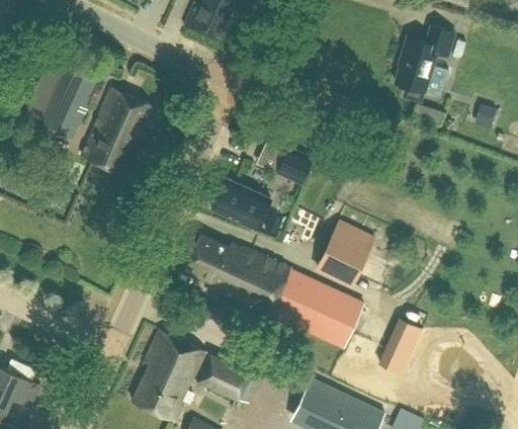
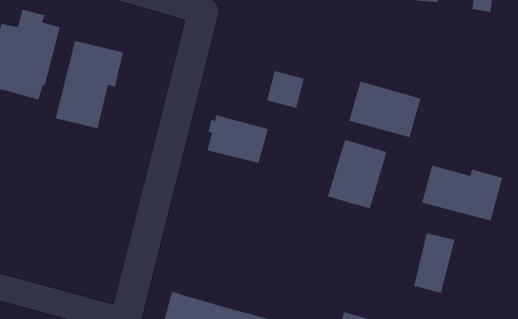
building: none -> [348,81,421,138]
building: [185,235,364,348] -> none
building: none -> [421,165,503,221]

